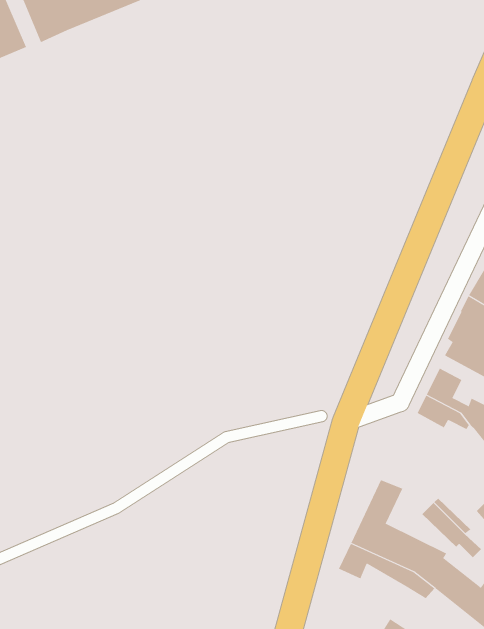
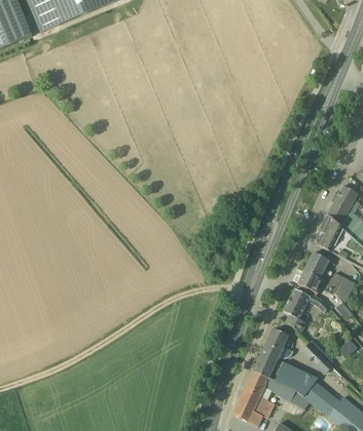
building: none -> [283,287,328,335]
building: none -> [232,389,274,425]

